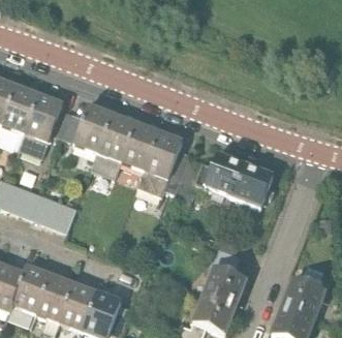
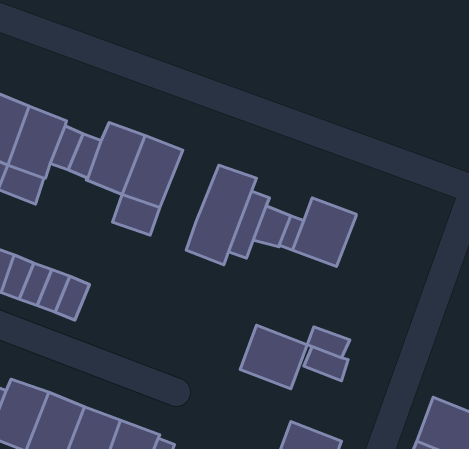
building: [120,121,157,166] -> none
building: [231,162,272,205] -> none
building: [203,265,245,305] -> [240,325,307,389]

